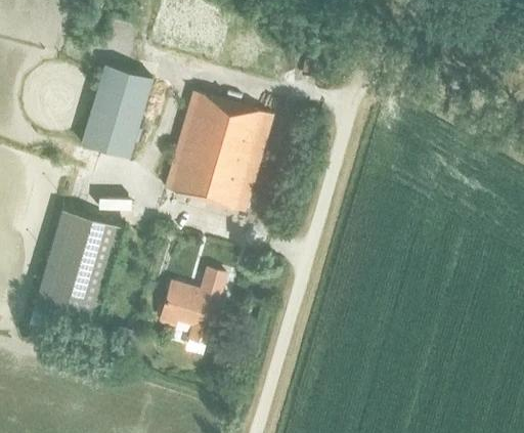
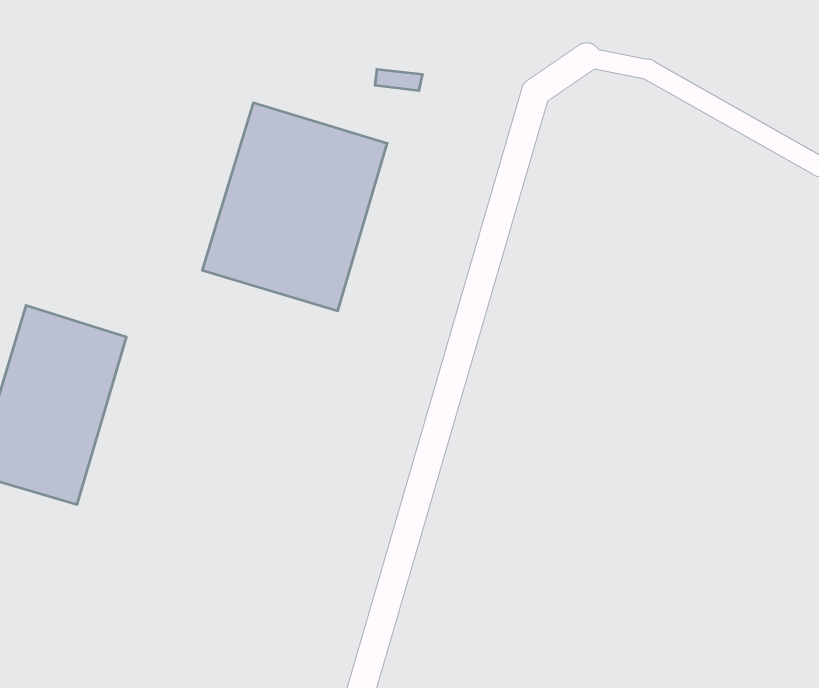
building: [81,66,154,158] -> none
building: [160,268,225,330] -> none

